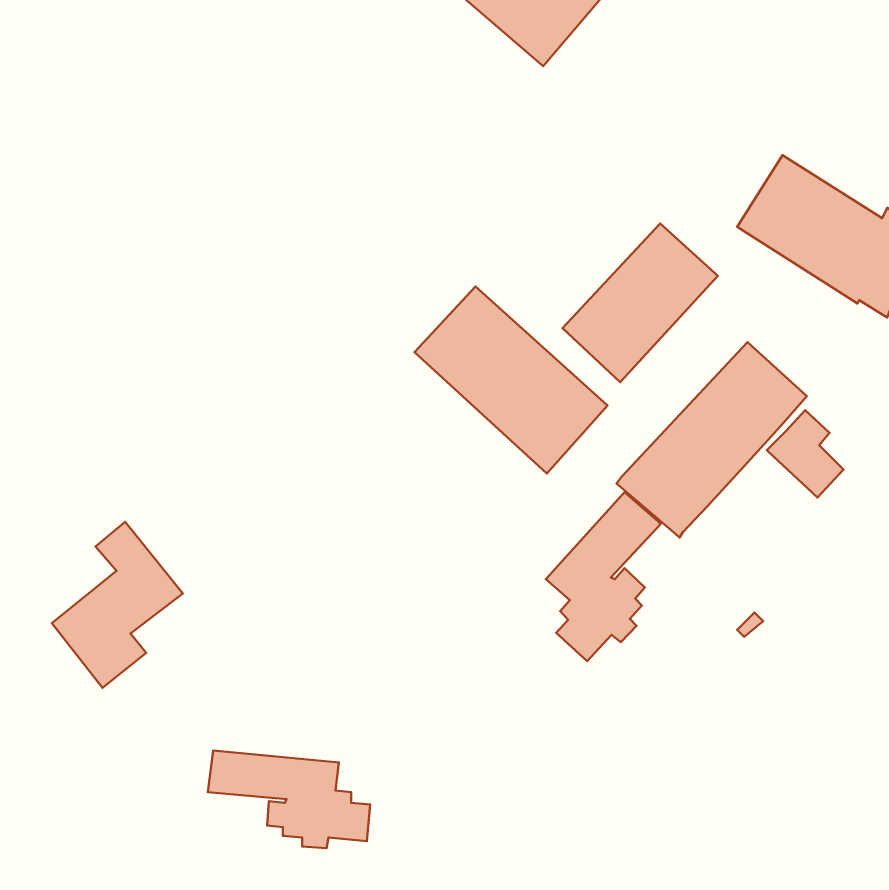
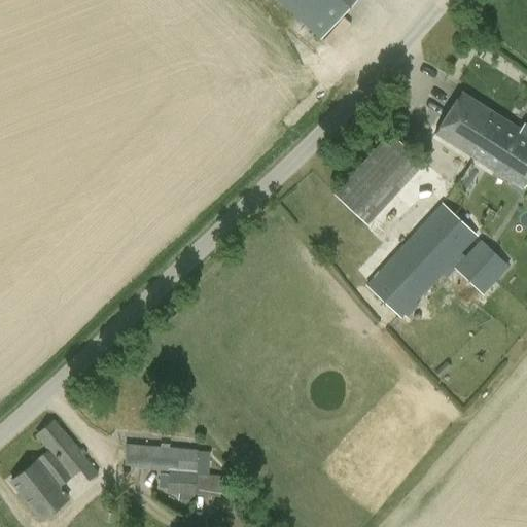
building: [414,286,607,473] -> none
building: [546,492,661,661] -> none
building: [52,522,183,688] -> [12,422,90,520]

